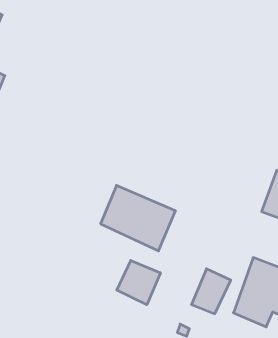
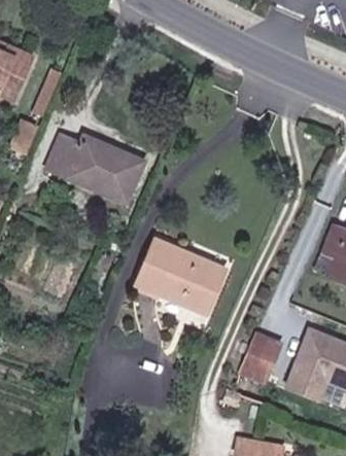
building: none -> [44,130,138,198]
building: [117,260,160,305] -> none

